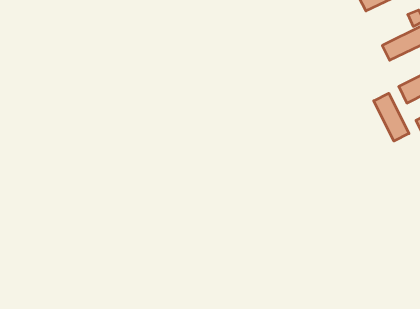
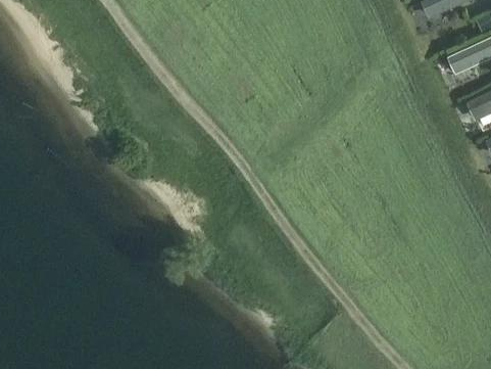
building: [374,93,409,141] -> none

